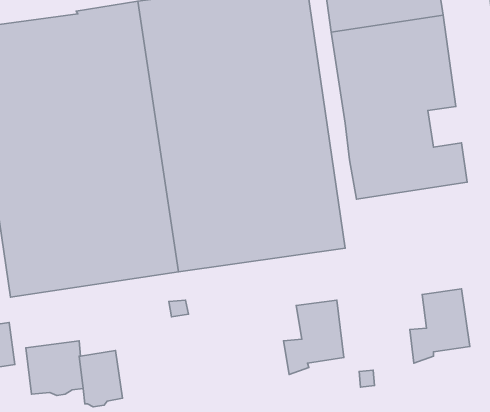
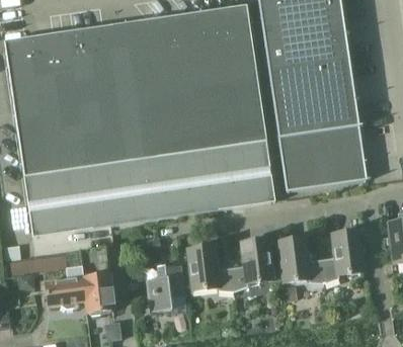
building: none -> [335,97,359,126]
building: none -> [284,152,368,189]
building: none -> [277,236,325,282]
building: none -> [186,244,235,290]
building: none -> [147,263,187,312]

